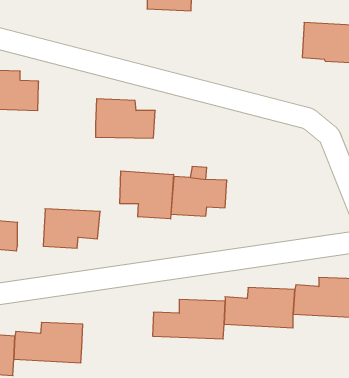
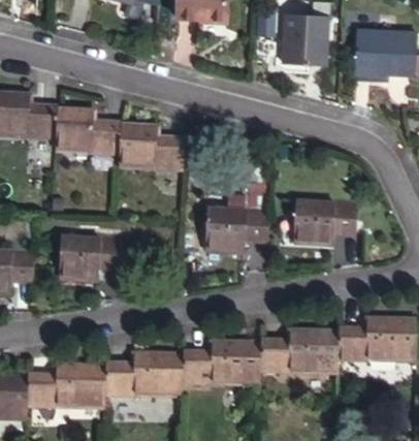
building: none -> [279,11,325,64]
building: none -> [54,99,120,146]
building: [120,171,174,219] -> none
building: none -> [294,198,357,244]
building: none -> [103,355,184,401]

